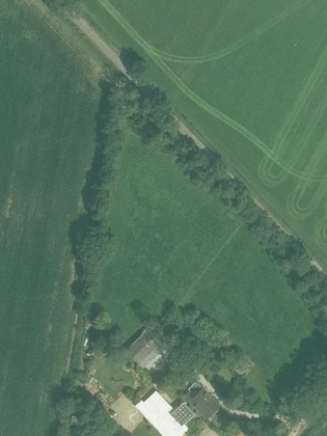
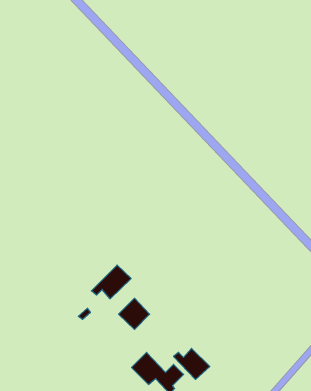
building: none -> [91,265,131,299]

